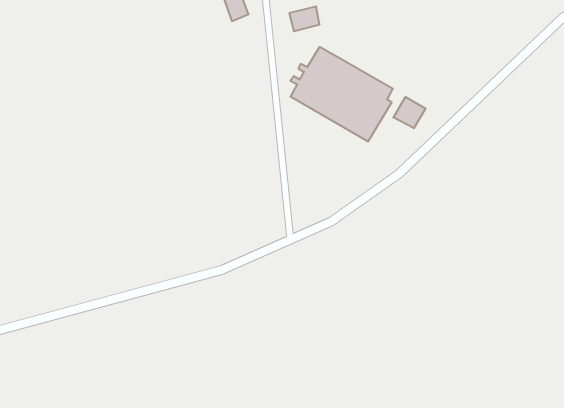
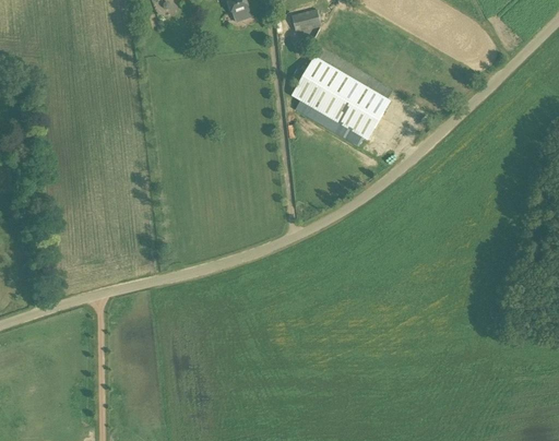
building: [393,97,426,128] -> none

